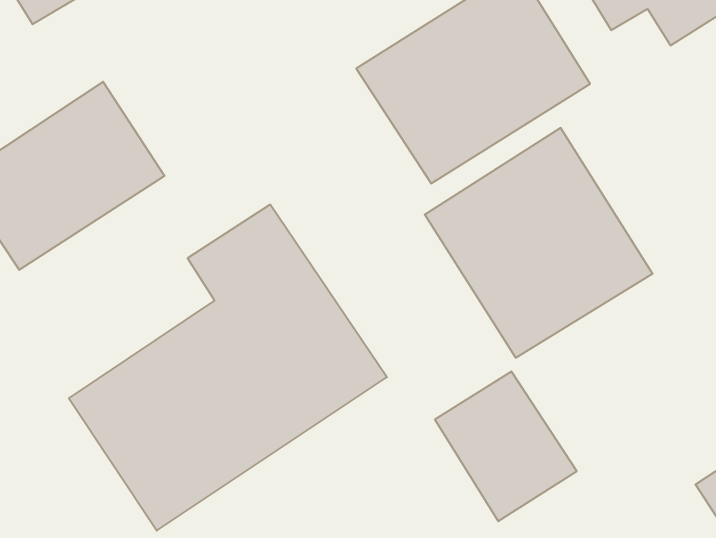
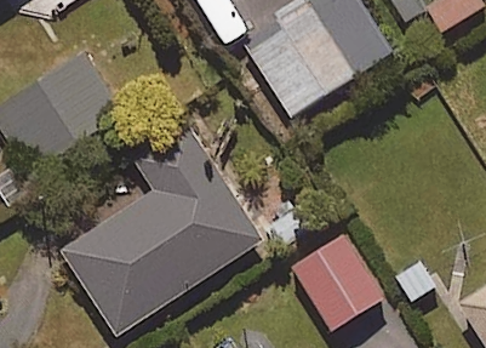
building: [425,128,653,358] -> none

